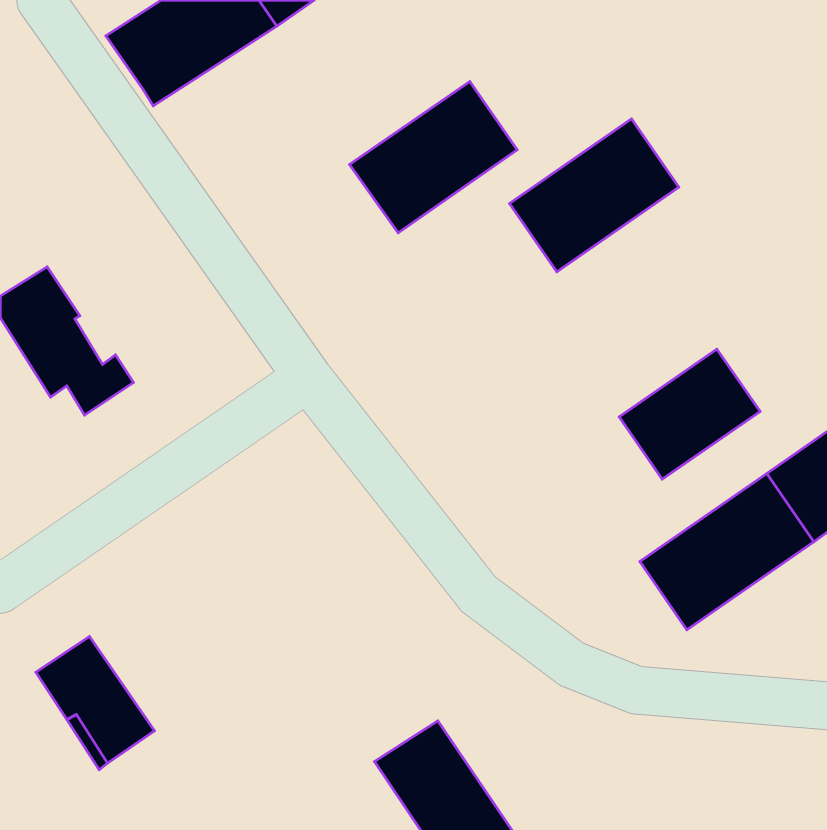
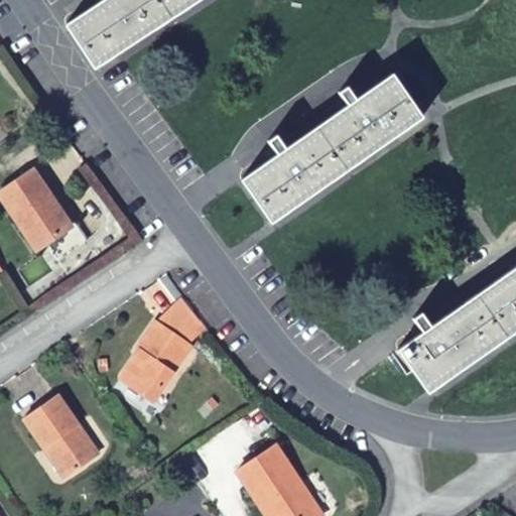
building: [349,82,517,233] -> [244,127,348,221]
building: [619,349,760,479] -> none
building: none -> [122,296,206,402]

